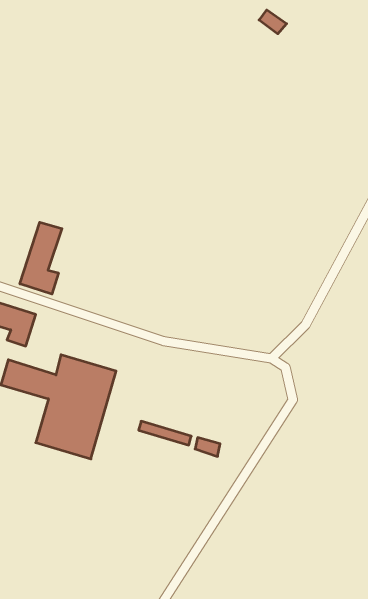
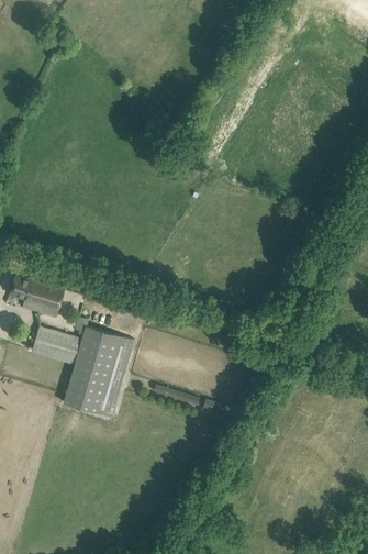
building: [20,222,62,294] -> none

